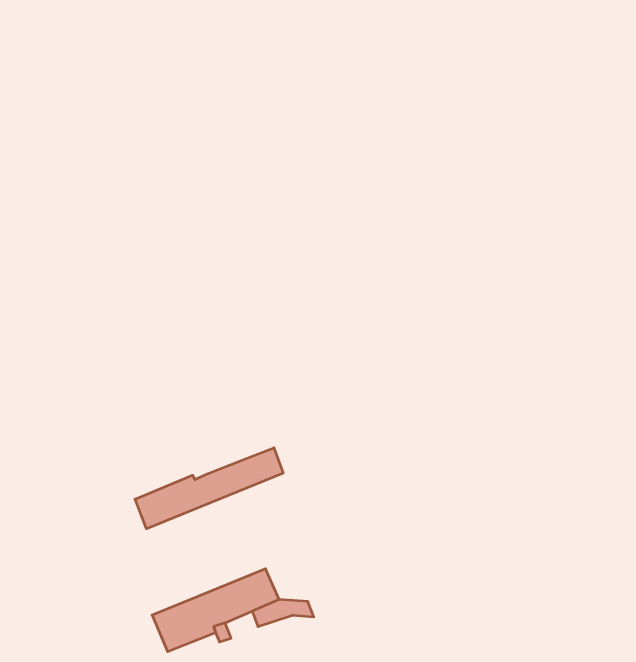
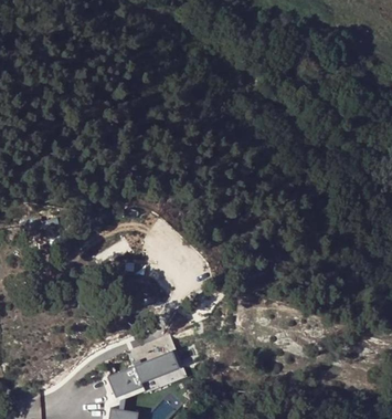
building: [135,448,283,529] -> none

